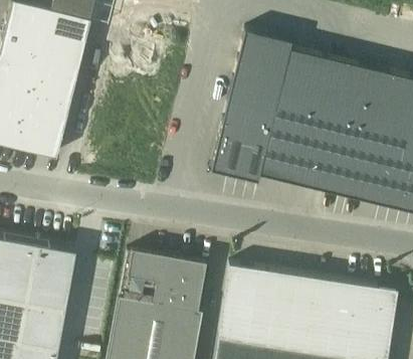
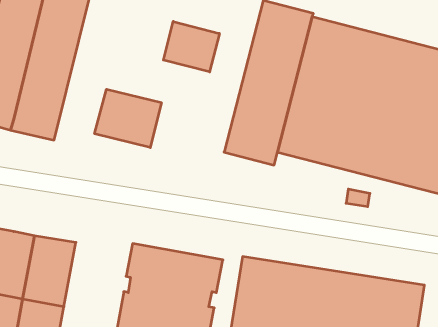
building: none -> [163,21,219,72]
building: none -> [95,89,161,148]

